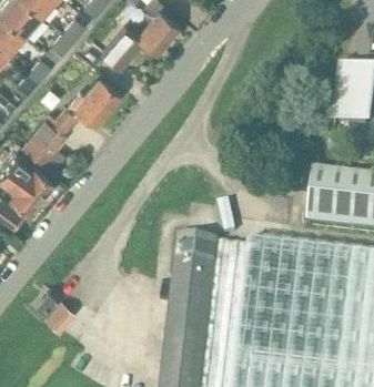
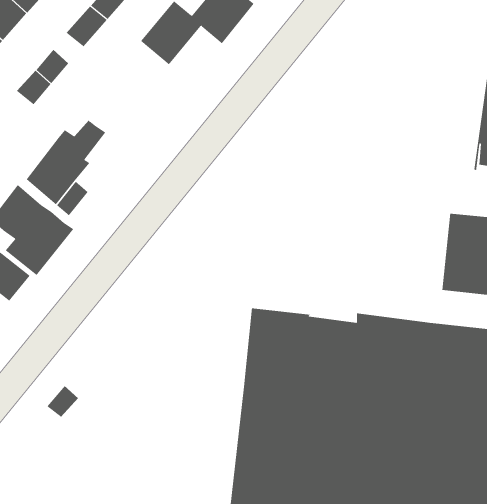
building: [68,80,122,128] -> none

